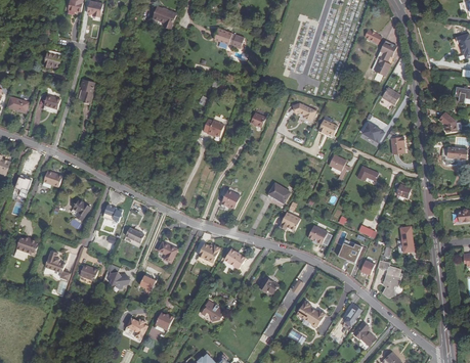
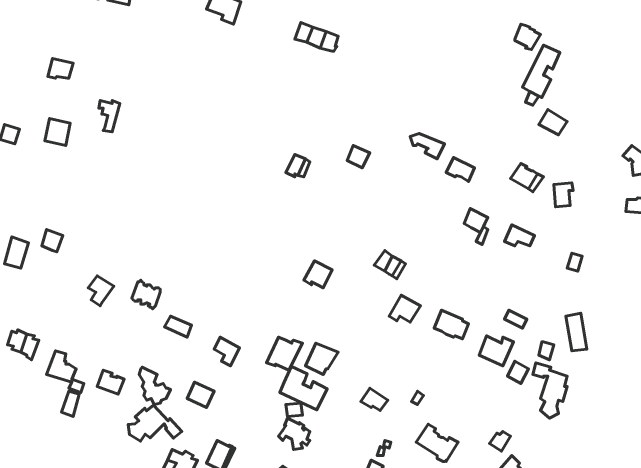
building: none -> [280,366,327,410]
building: none -> [128,405,182,441]

